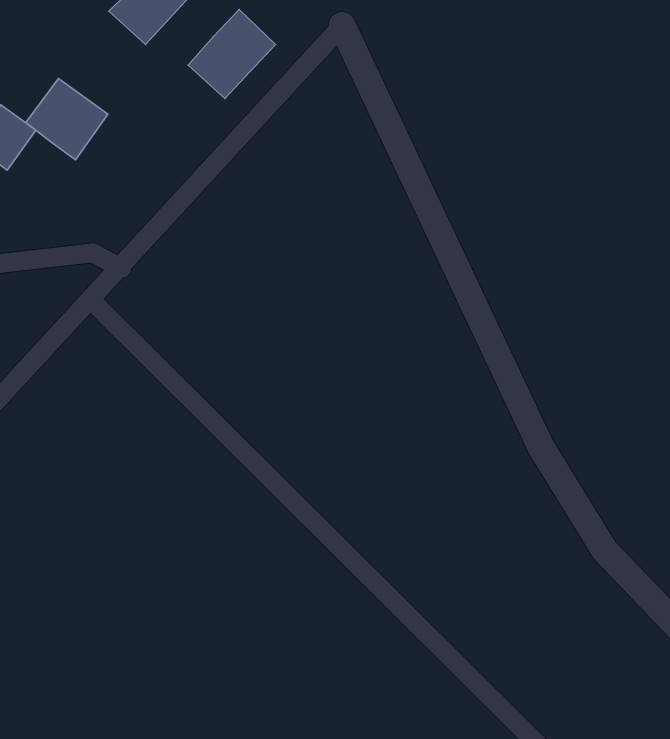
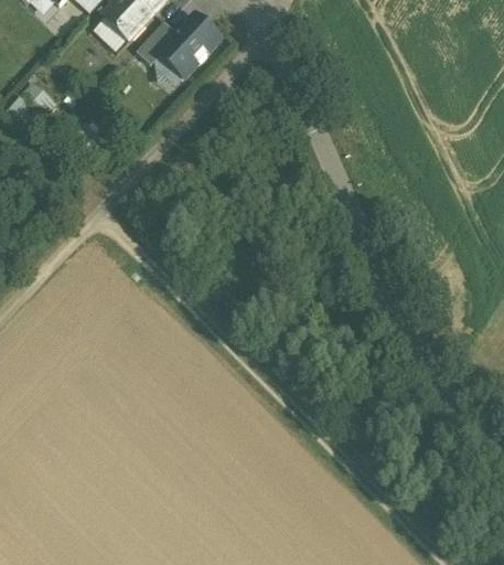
building: none -> [138,21,178,63]
building: [26,78,108,160] -> none

